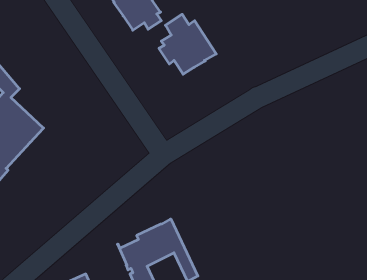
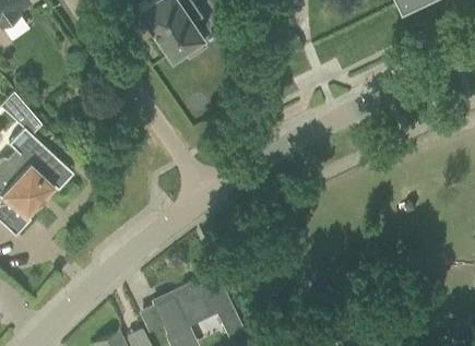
building: [159,14,216,74] -> none

